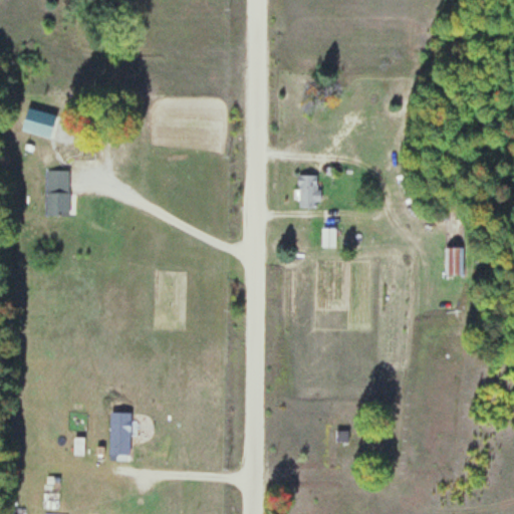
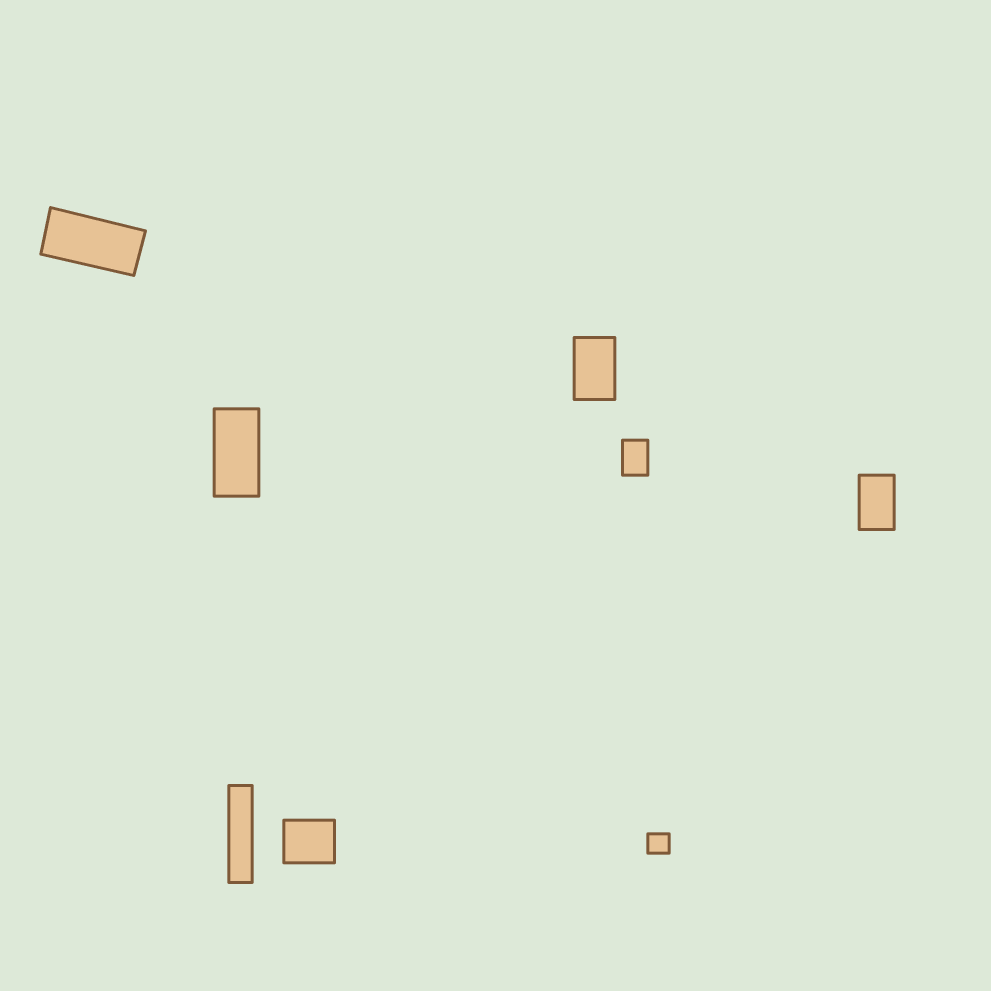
building: [45,170,68,215] -> [214,409,259,496]
building: none -> [284,820,335,863]

